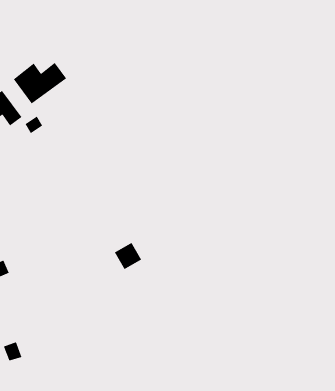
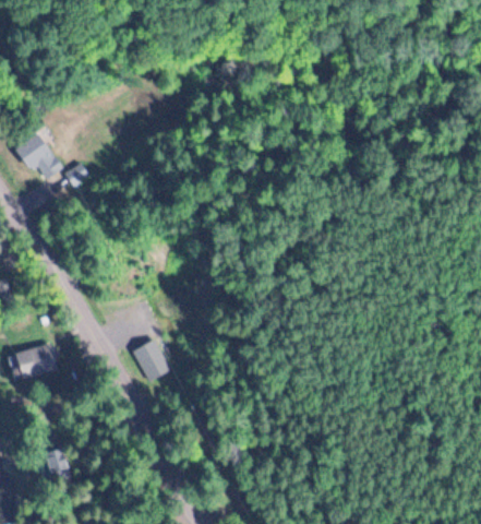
building: [13,62,67,104] -> none
building: [114,242,142,270] -> [134,338,170,374]

